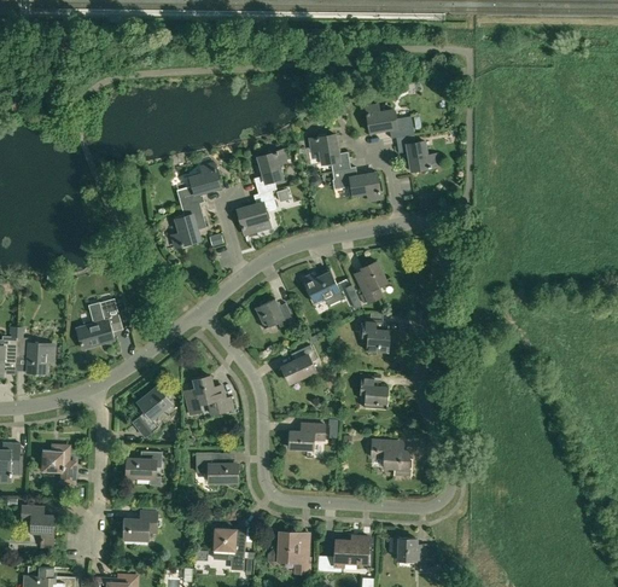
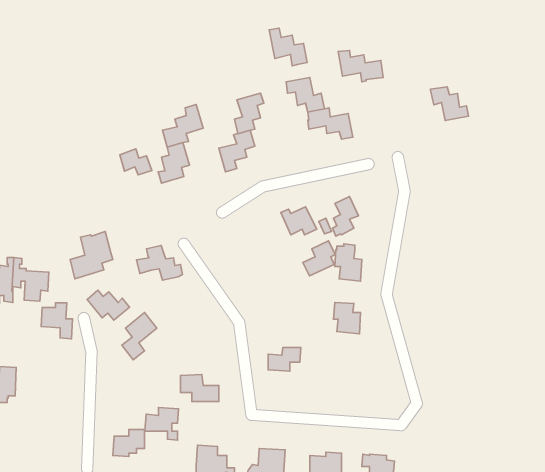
building: none -> [269,28,307,66]
building: [395,133,436,169] -> [430,87,469,121]
building: none -> [120,149,152,175]
building: [255,297,293,326] -> none
building: [281,344,316,382] -> [303,241,335,276]
building: none -> [87,290,130,320]
building: [182,376,232,413] -> [136,245,183,280]
building: [372,440,413,475] -> none
building: [41,446,75,484] -> [41,303,73,339]
building: [126,451,162,486] -> [145,408,179,440]
building: [21,505,54,547] -> none

